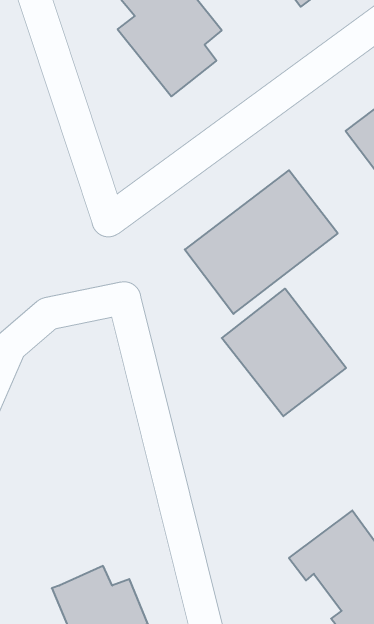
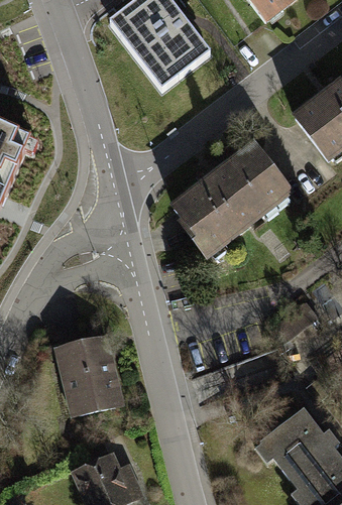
building: [222,289,346,416] -> none
building: none -> [58,333,120,411]

